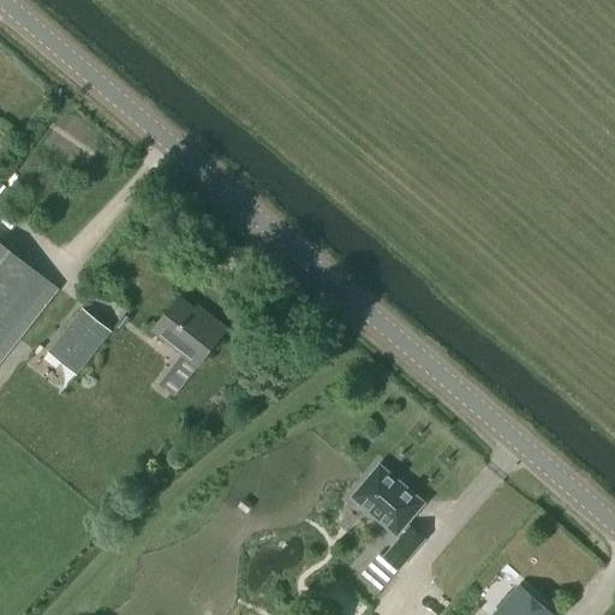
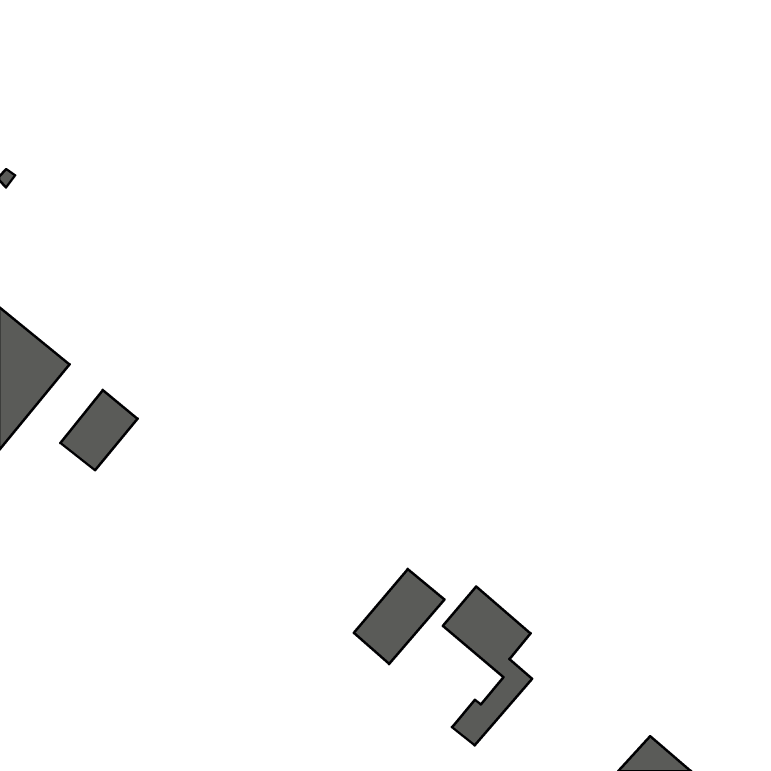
building: [154,299,226,364] -> none
building: none -> [354,569,444,664]

